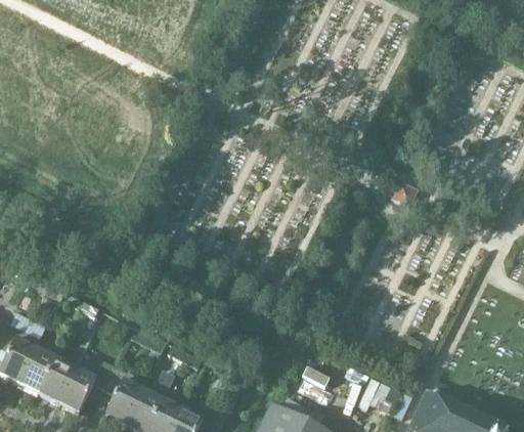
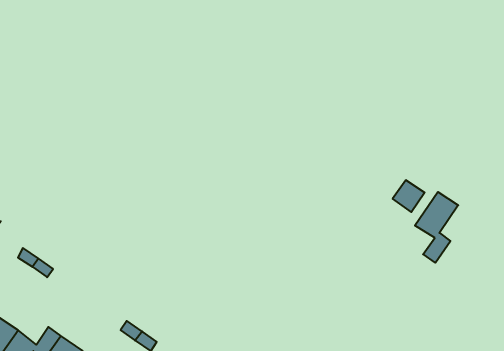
building: none -> [415,192,458,263]

